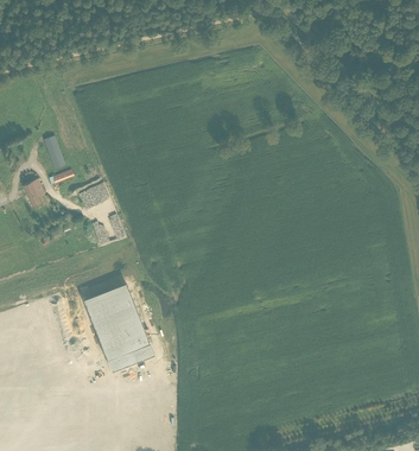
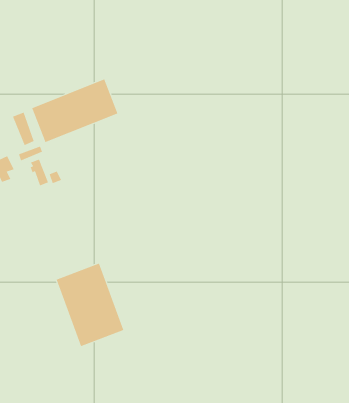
building: none -> [32,79,118,143]

